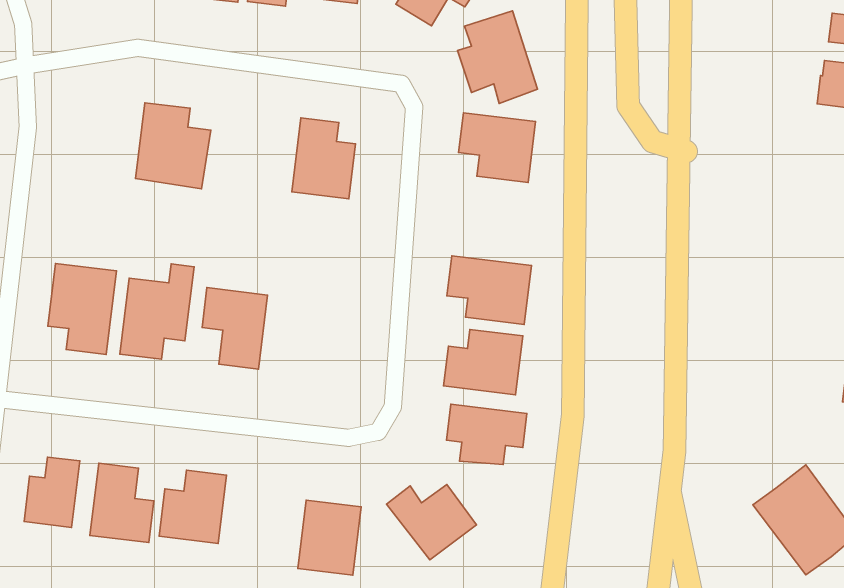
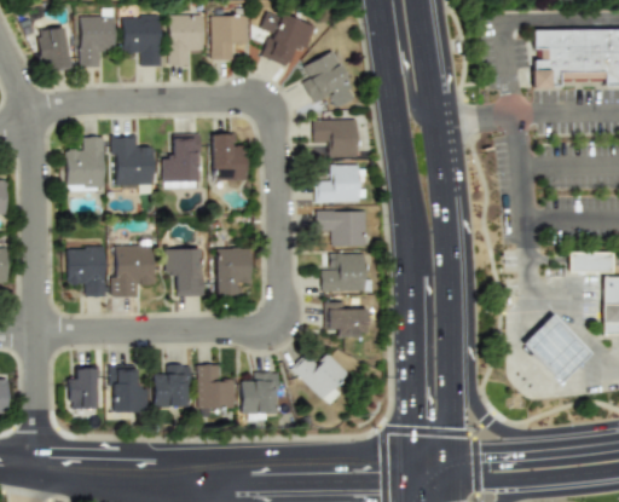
building: none -> [65,137,104,190]
building: none -> [162,134,201,187]
building: none -> [317,165,359,202]
building: none -> [216,248,250,295]
building: none -> [197,363,235,409]

